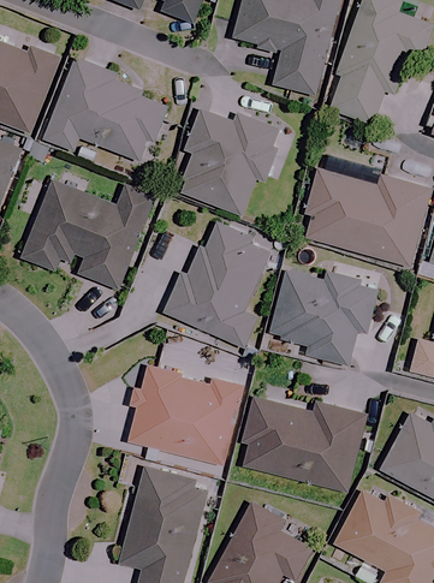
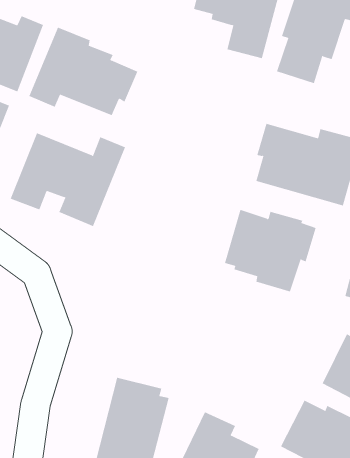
building: [179,113,275,215] -> none
building: [161,219,269,347] -> none
building: [129,364,242,465] -> none
building: [243,398,364,490] -> none

